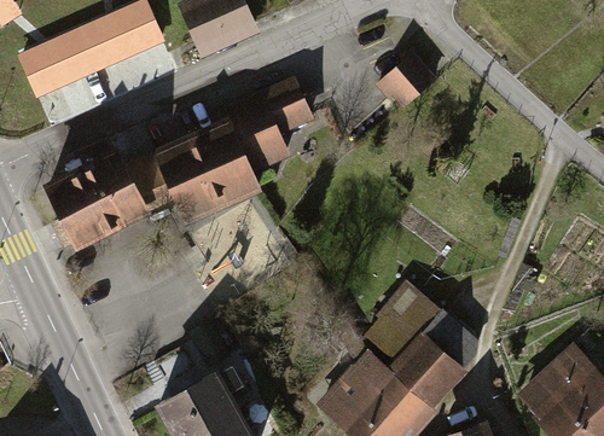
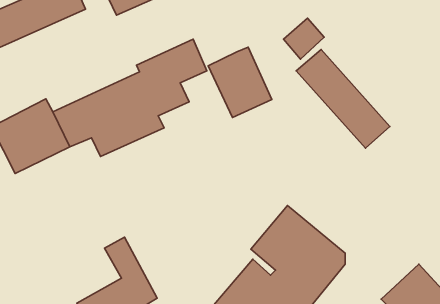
building: none -> [208,47,272,117]
building: none -> [296,49,390,148]

